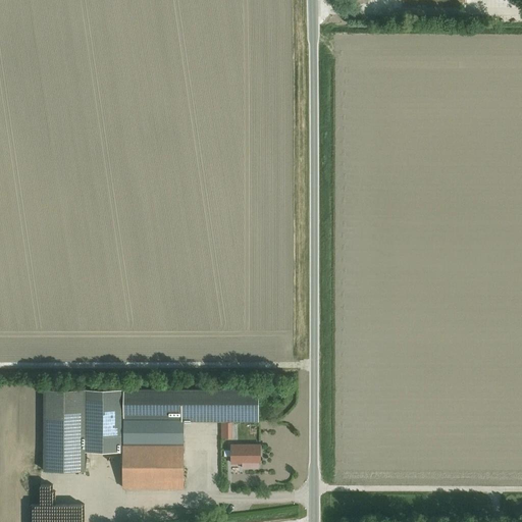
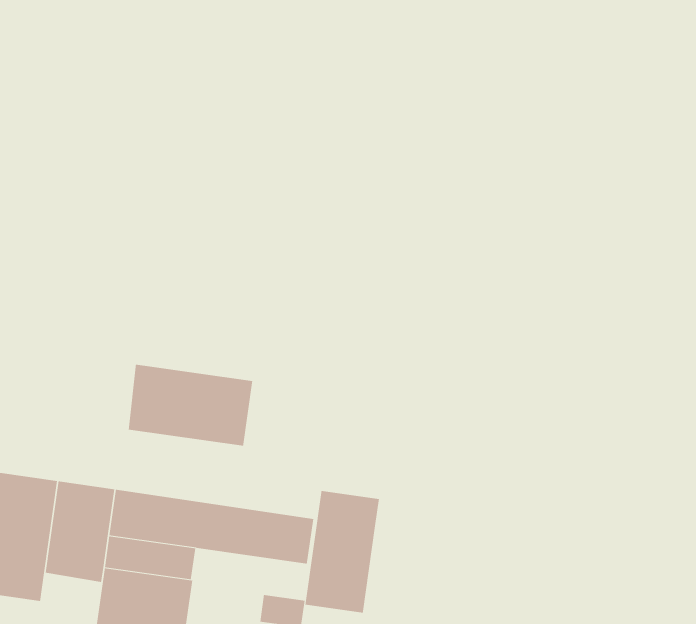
building: none -> [128,364,253,447]
building: none -> [305,490,379,613]

